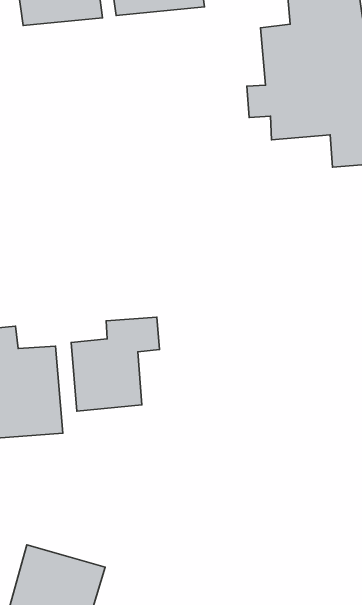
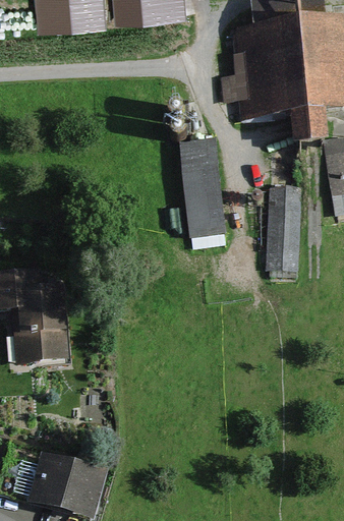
building: none -> [178,138,226,239]
building: none -> [267,187,301,277]
building: [71,317,159,411] -> none

